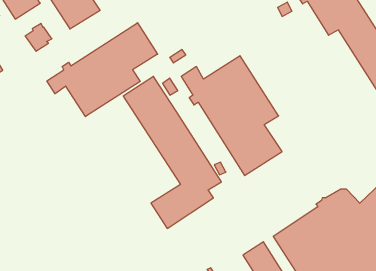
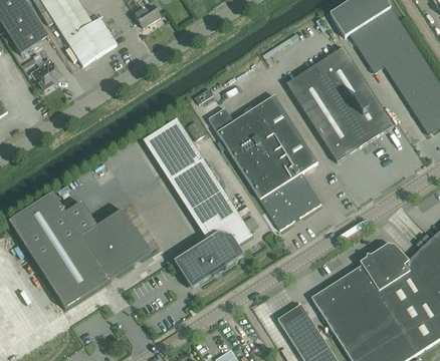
building: none -> [286,46,393,160]
building: [47,23,158,117] -> none
building: none -> [9,193,151,308]

